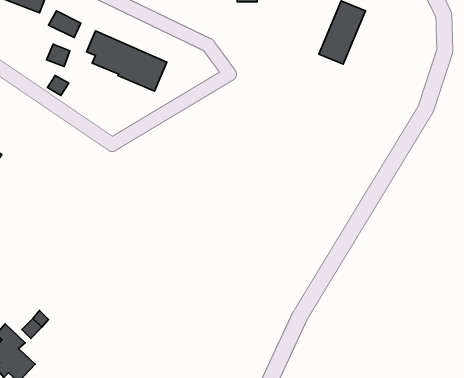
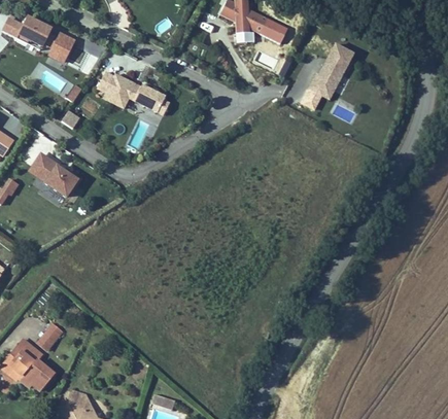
building: none -> [27,150,81,205]

